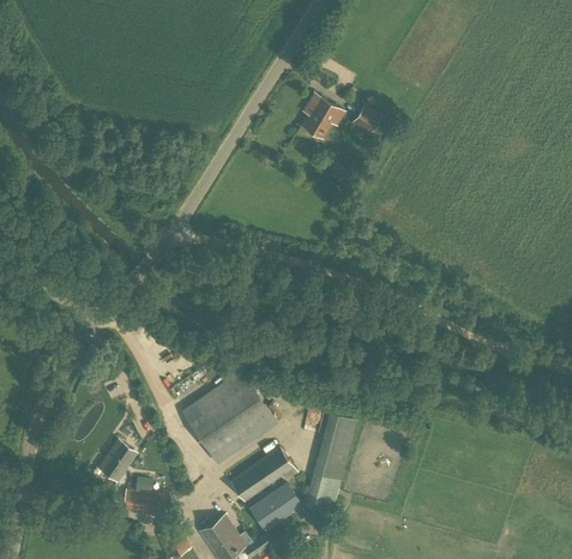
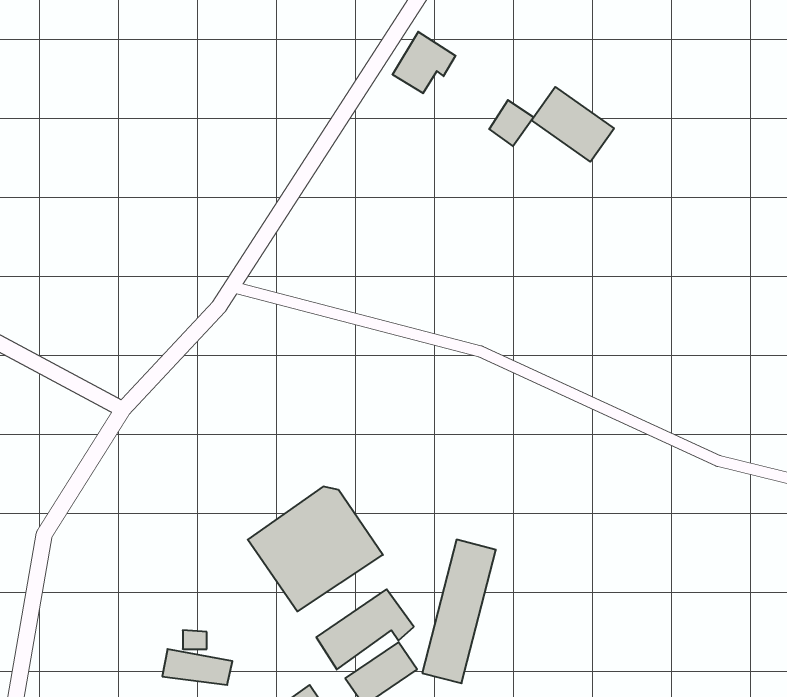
building: none -> [531,87,614,162]
building: [300,96,344,139] -> [392,32,456,93]
building: [100,441,134,480] -> none

